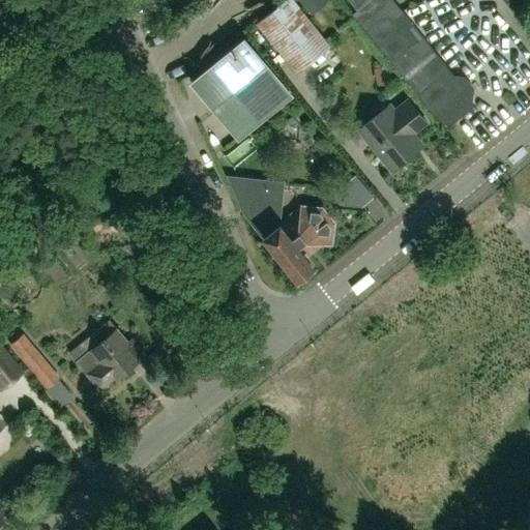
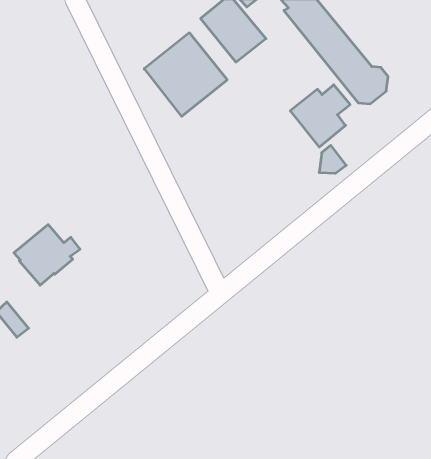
building: [344,176,375,208] -> [319,145,346,173]
building: [231,180,335,278] -> none
building: [71,322,147,391] -> [14,225,80,285]

